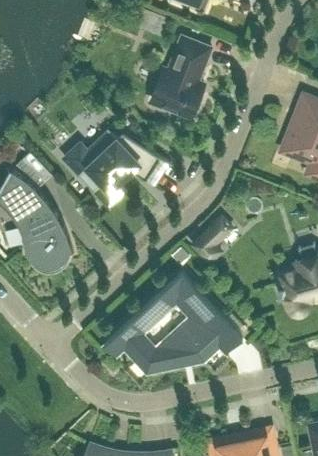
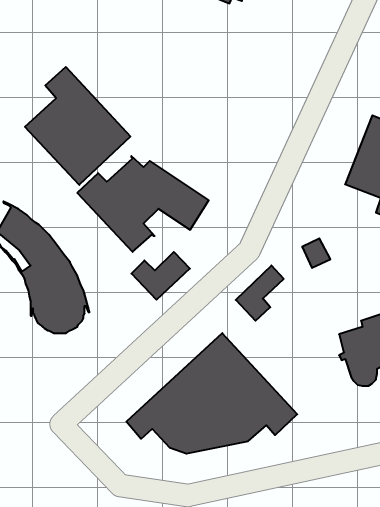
building: [151,36,211,116] -> none
building: none -> [25,67,130,185]
building: none -> [131,252,190,300]

